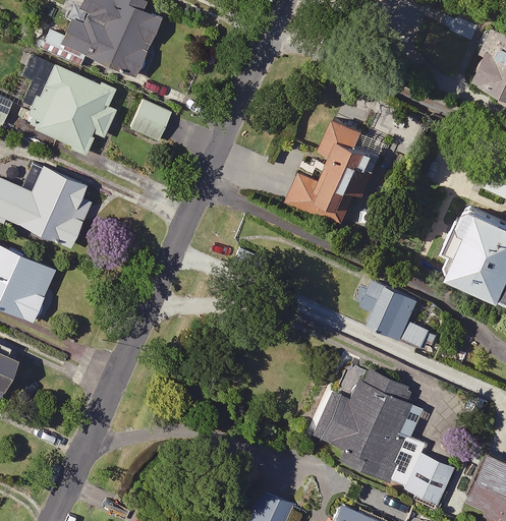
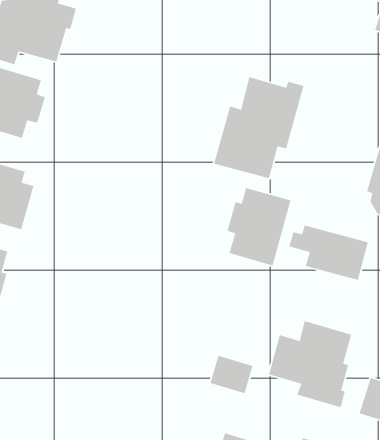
building: [129,100,171,141] -> none
building: none -> [227,187,291,266]
building: none -> [209,355,254,394]

